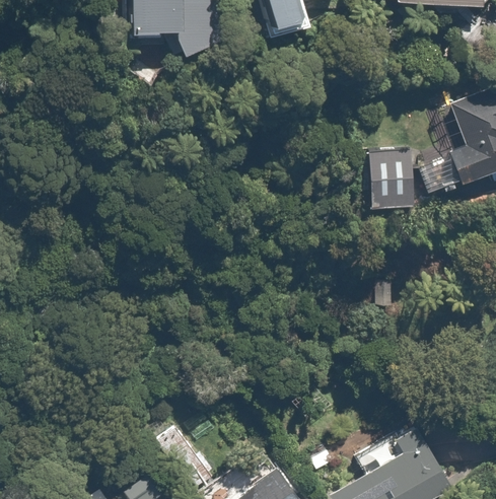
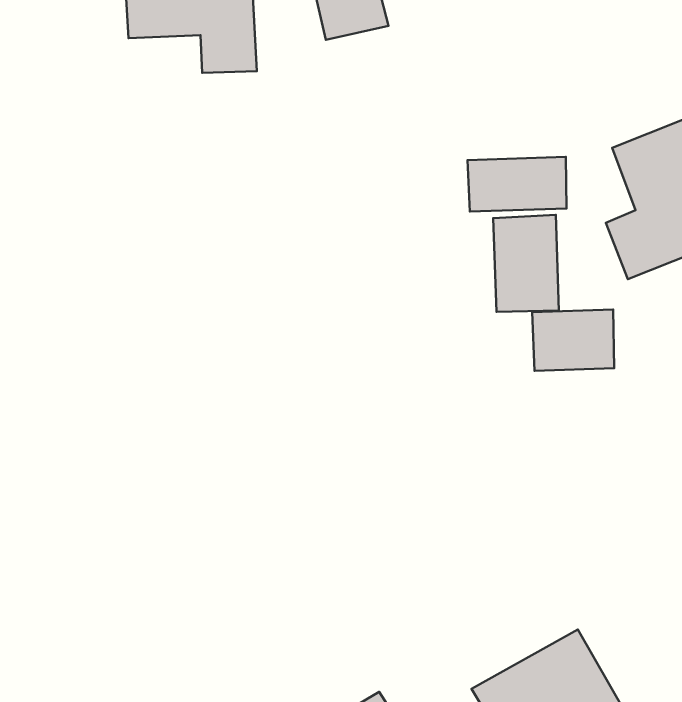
building: none -> [468,157,566,211]
building: none -> [532,309,614,371]

